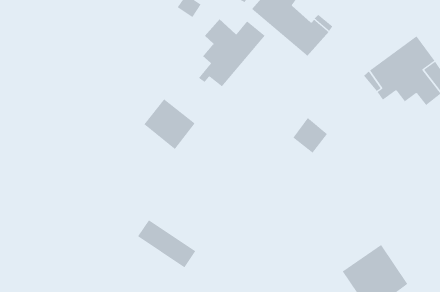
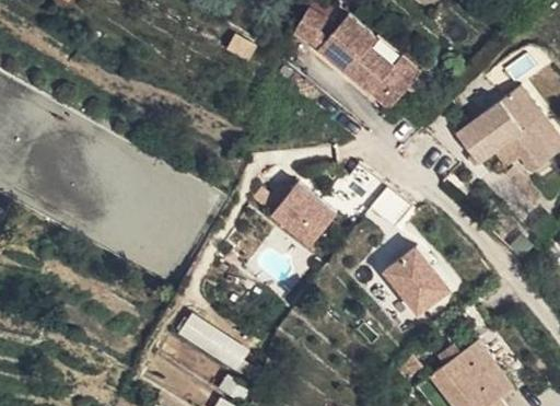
building: [198,19,266,87] -> none
building: [143,99,195,150] -> [269,184,334,247]
building: none -> [383,247,448,315]

